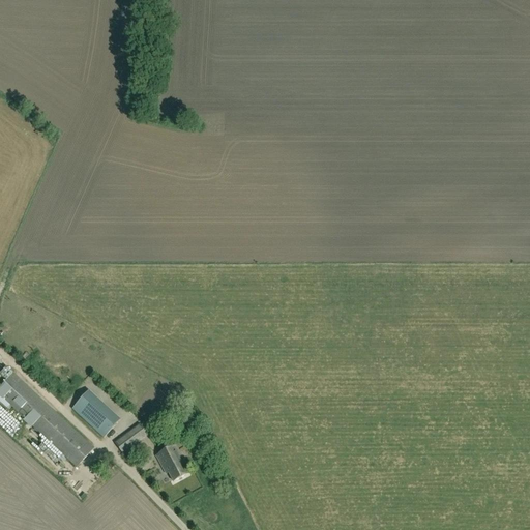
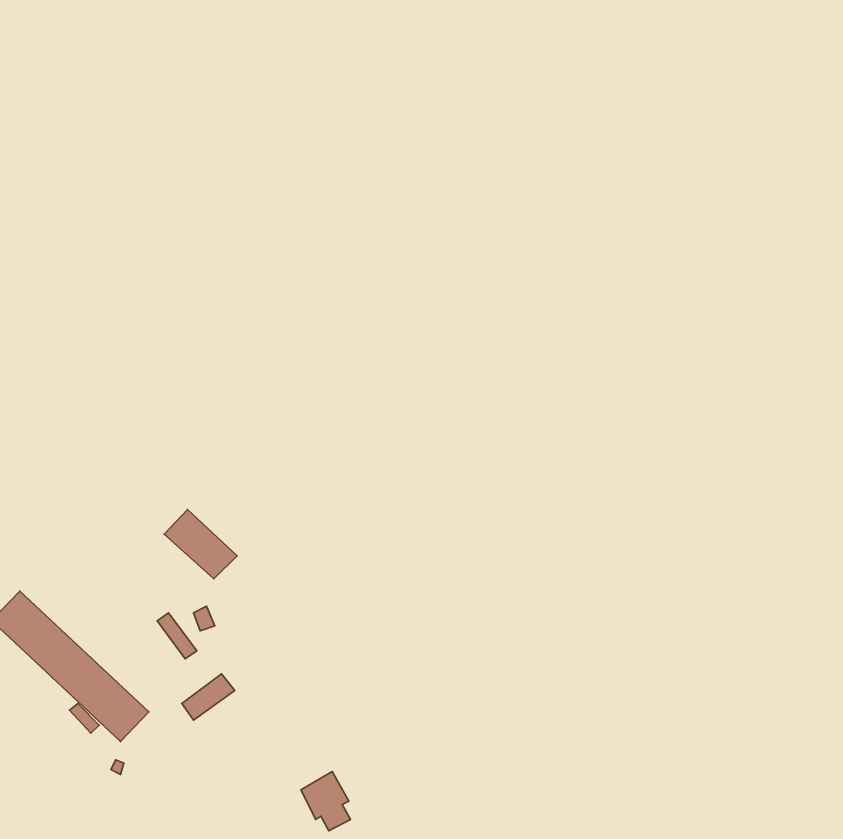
building: [71,391,117,435] -> [164,509,237,579]
building: [155,442,186,479] -> [301,772,350,831]

